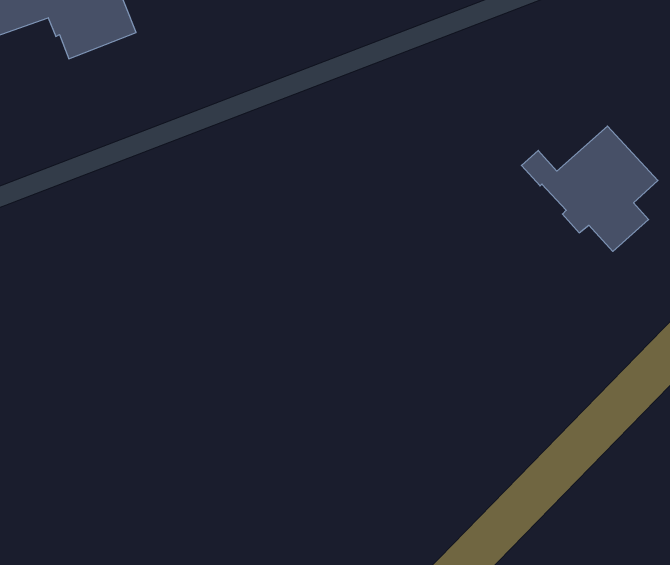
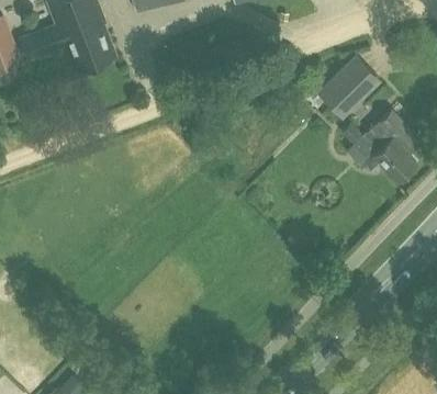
building: none -> [312,58,376,117]

